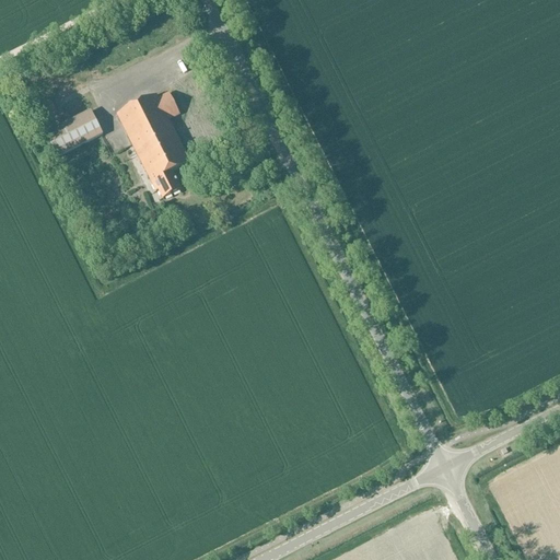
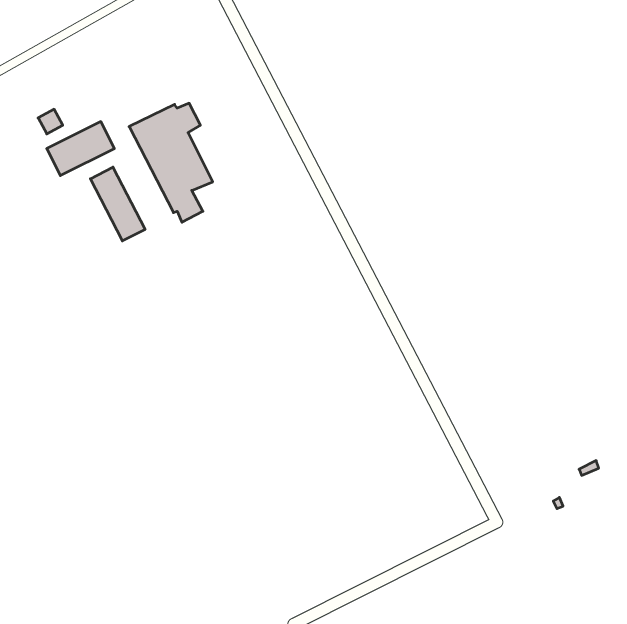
building: none -> [90,167,145,241]

